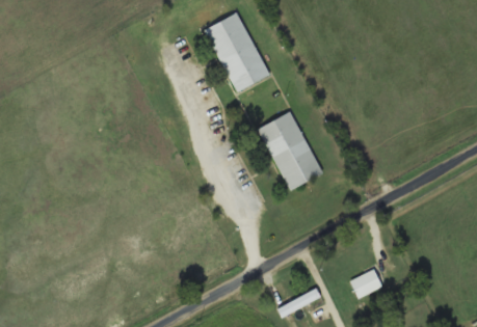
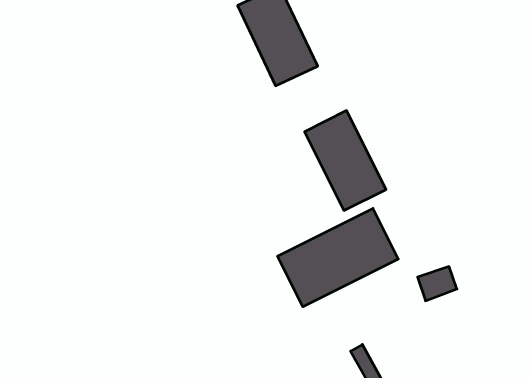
building: none -> [278,208,398,307]
building: [350,271,381,298] -> [418,267,457,301]

